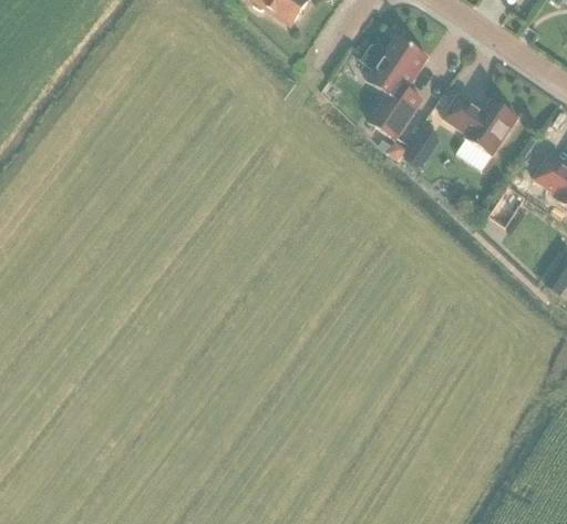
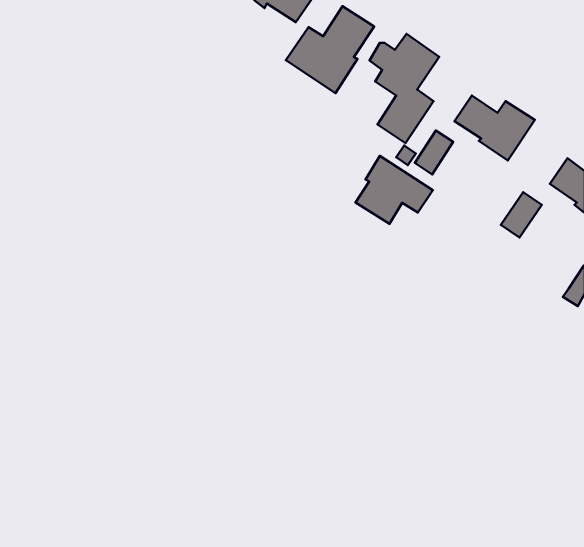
building: none -> [286,6,374,93]
building: none -> [356,156,433,224]

